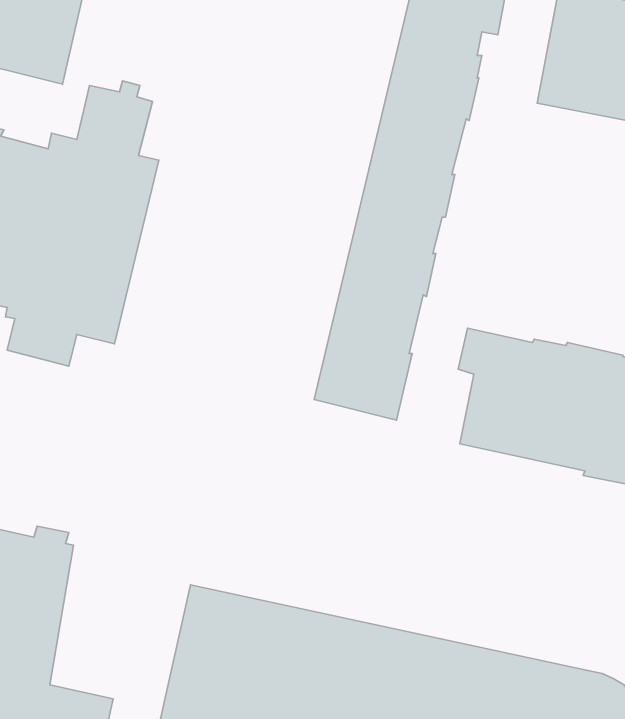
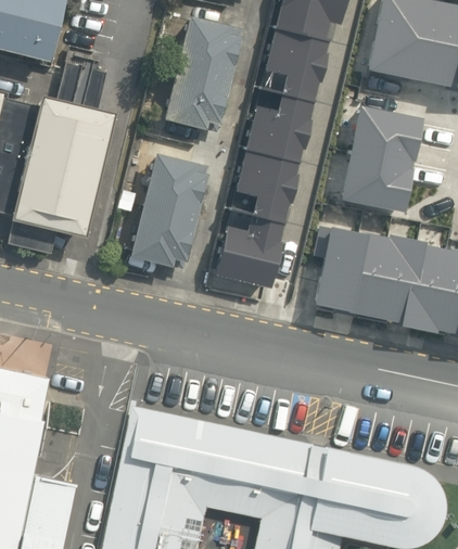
building: none -> [161,15,242,129]
building: none -> [343,108,425,216]
building: none -> [126,152,207,266]

